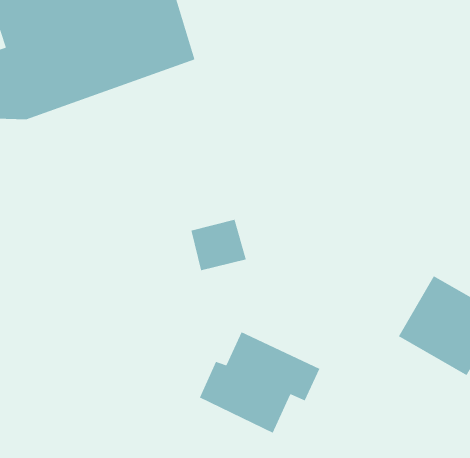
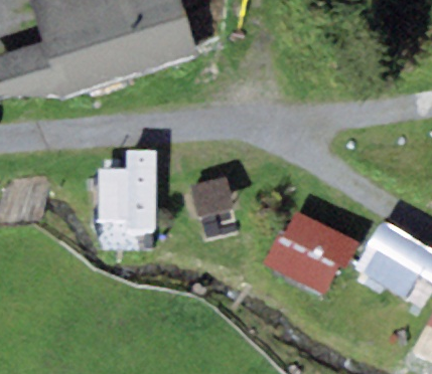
building: none -> [98,149,156,231]
building: [199,331,320,434] -> [263,211,358,292]

